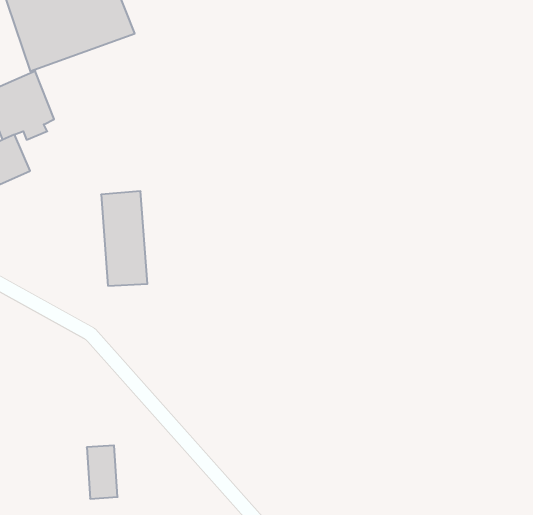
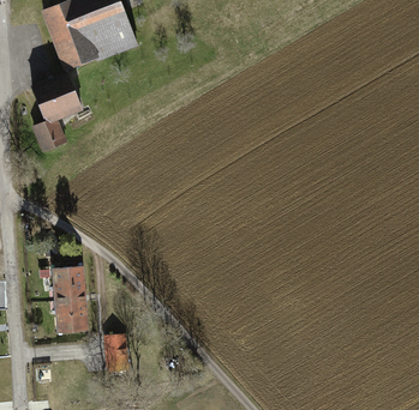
building: [101,191,147,286] -> [53,266,85,332]

